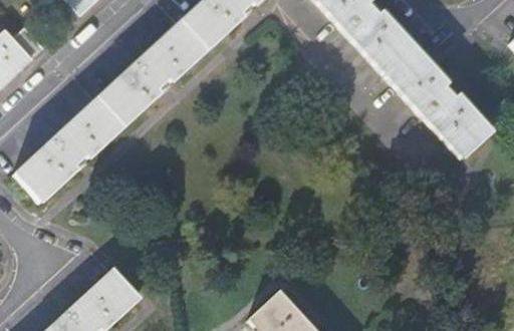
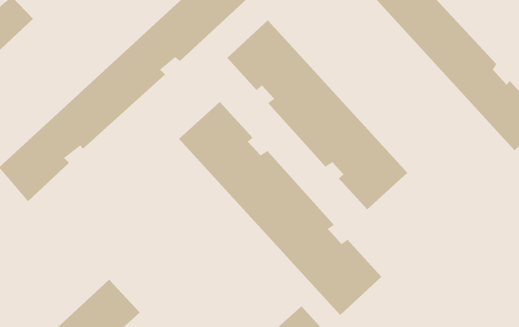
building: none -> [226,20,408,210]
building: none -> [178,101,382,316]

